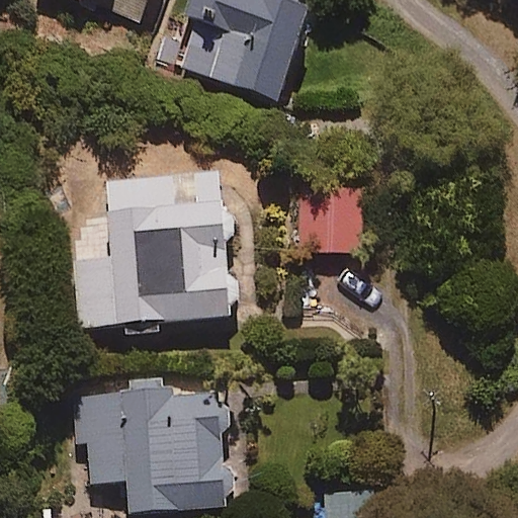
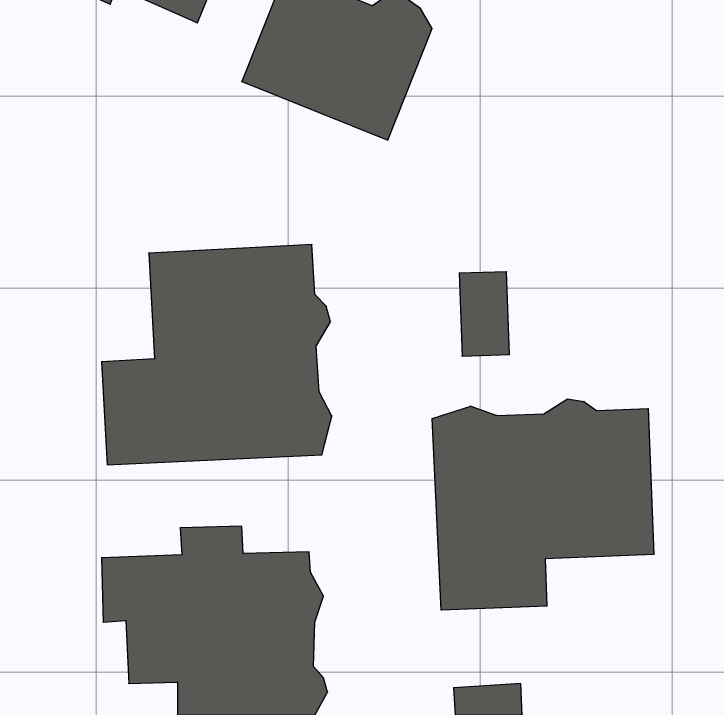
building: none -> [432,399,654,610]

